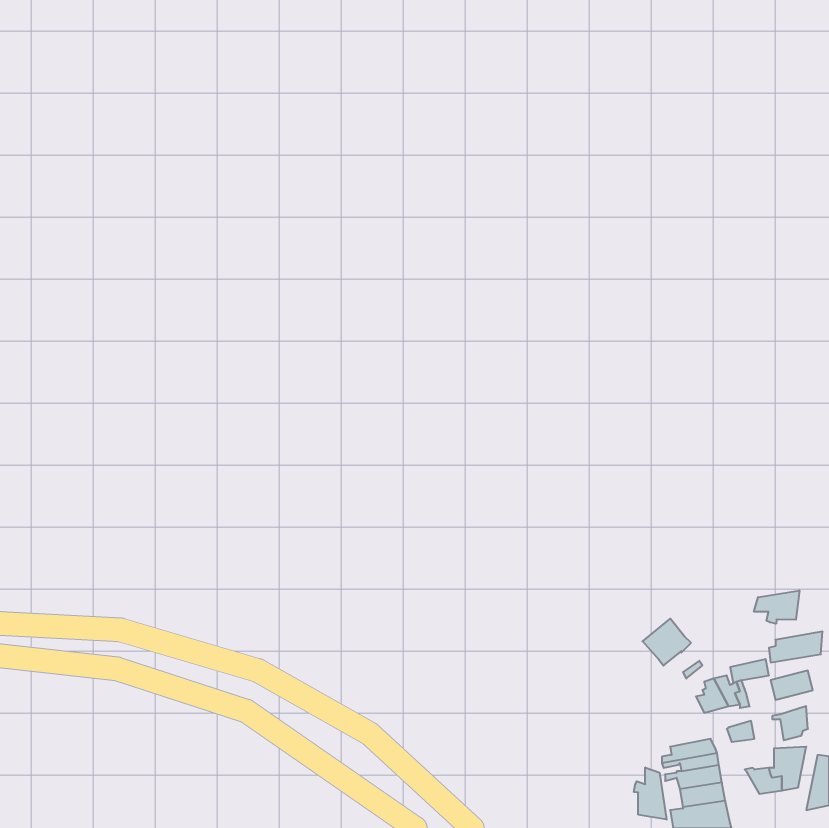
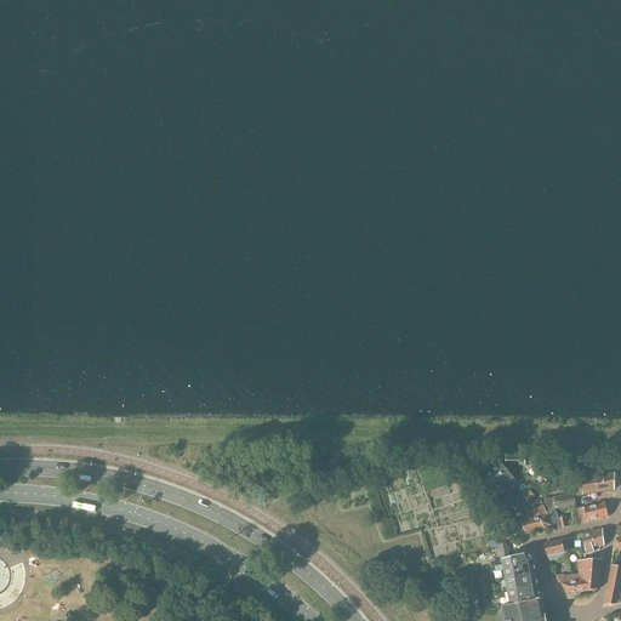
building: [754,590,799,624] -> none
building: [634,767,667,820] -> none

